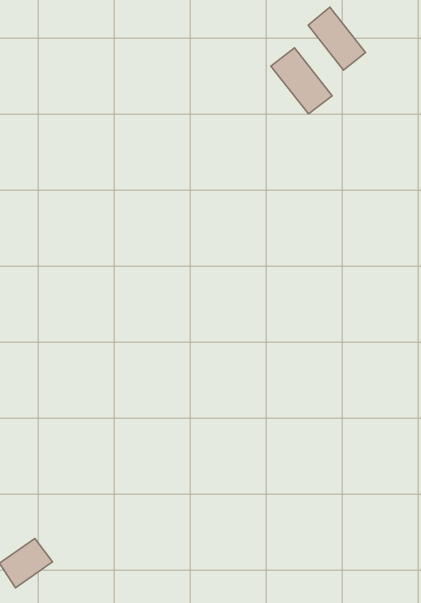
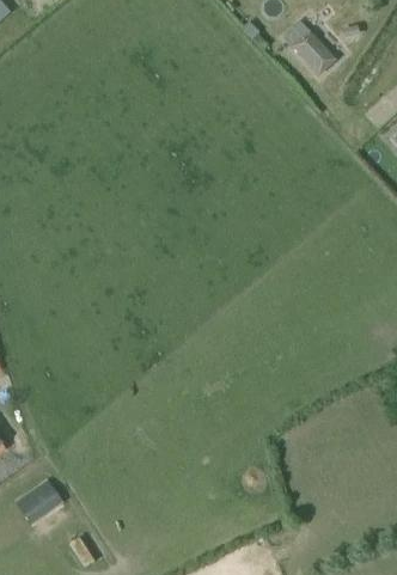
building: [271,48,332,114] -> none

